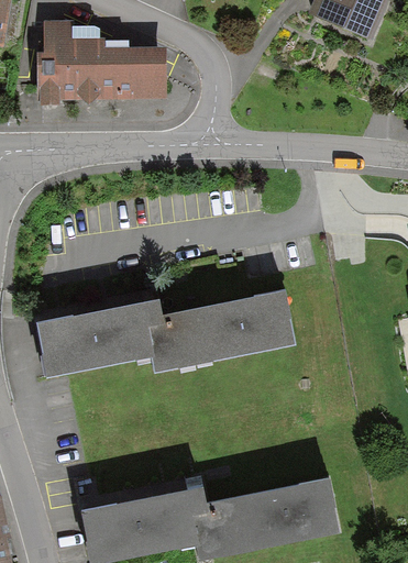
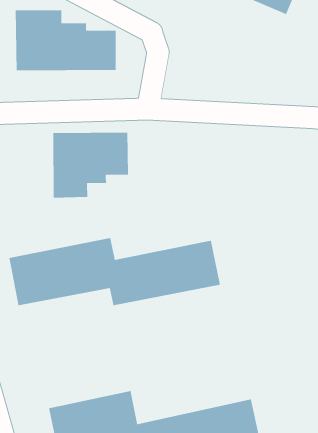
building: none -> [52,132,129,198]

